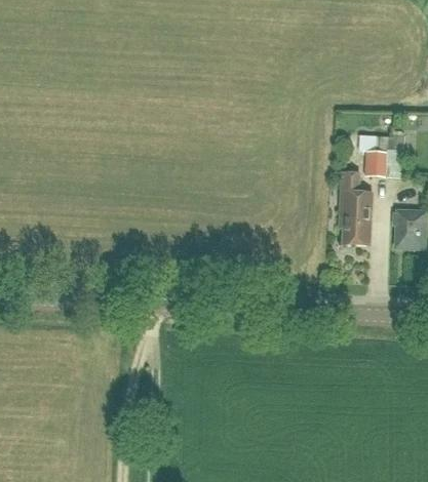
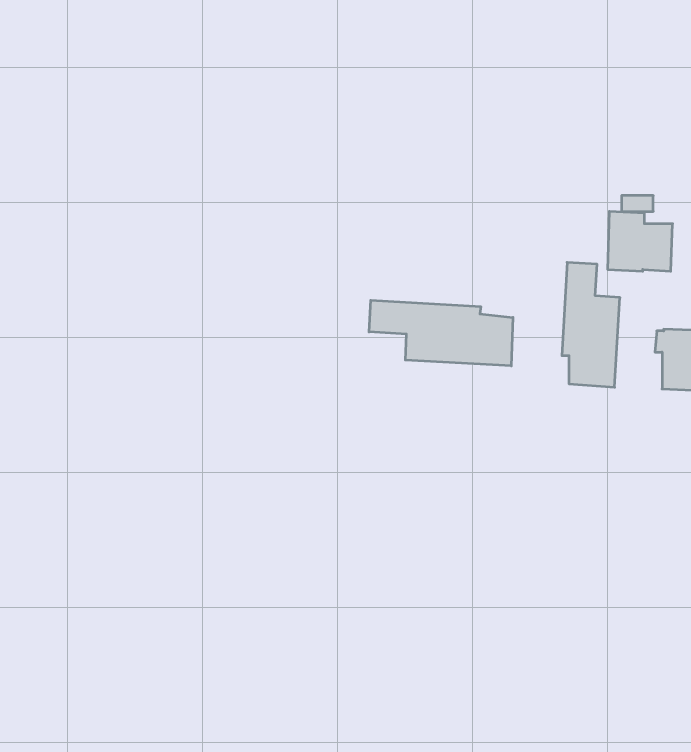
building: none -> [369,300,513,366]

